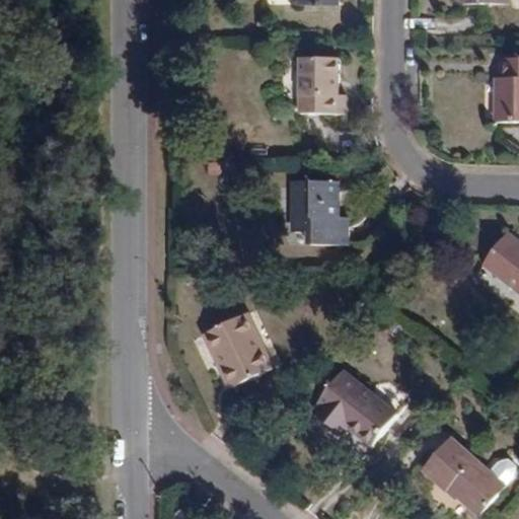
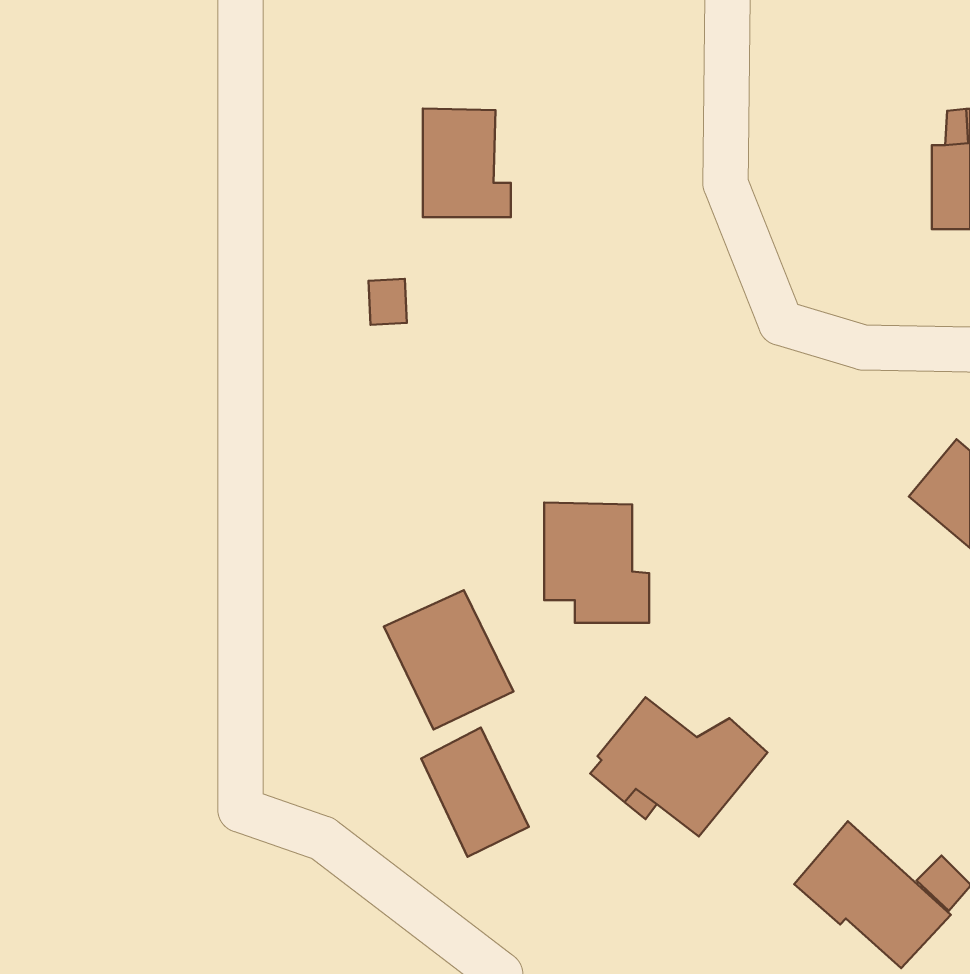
building: [299,56,346,114] -> [423,108,511,217]
building: [292,180,348,244] -> [544,503,649,623]
building: none -> [421,728,529,857]

